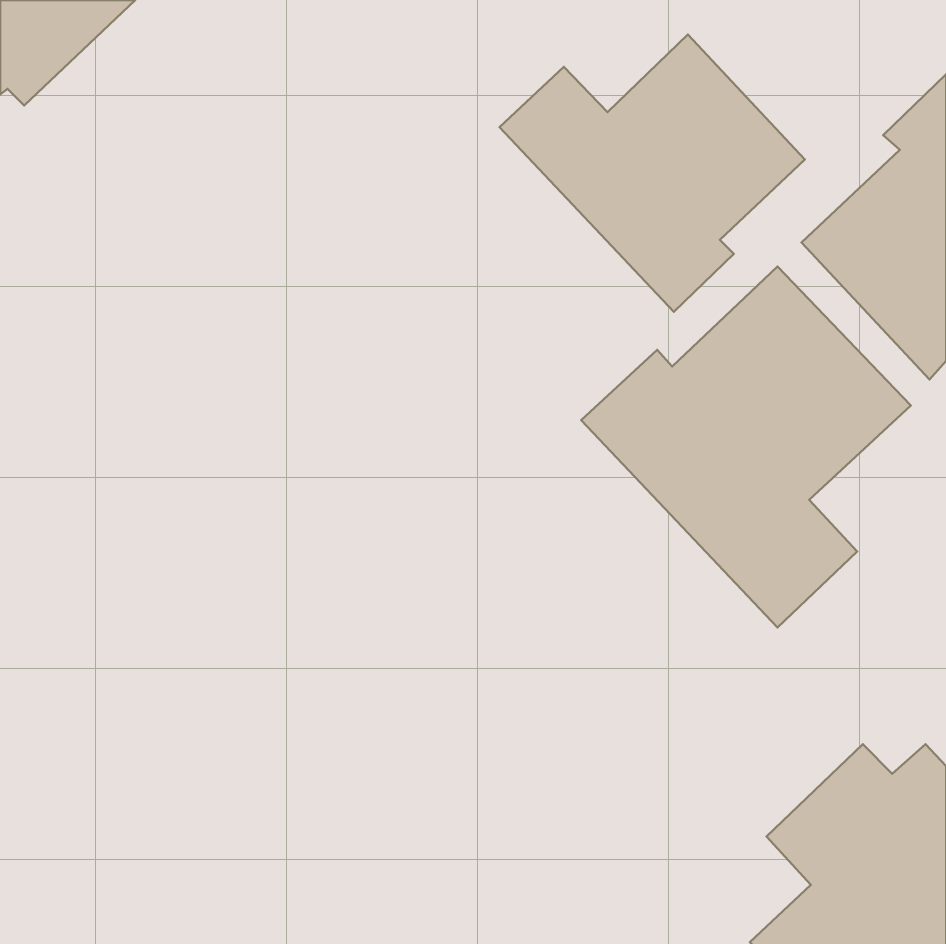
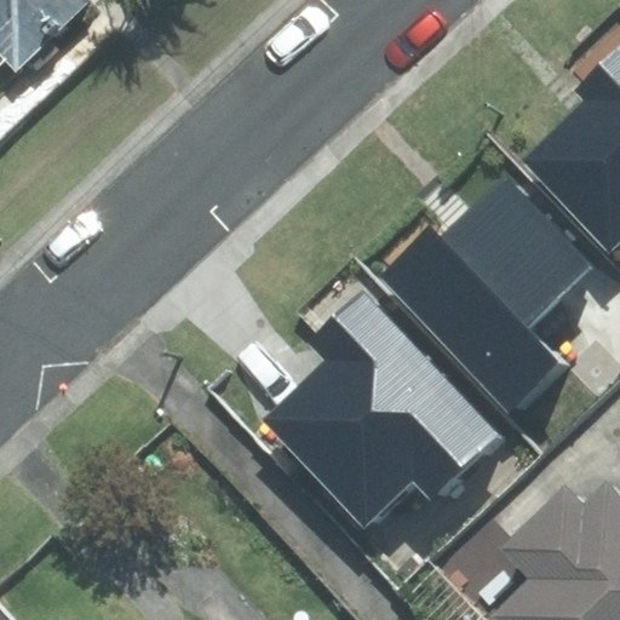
building: [499,34,805,312] -> none
building: none -> [262,289,500,529]

